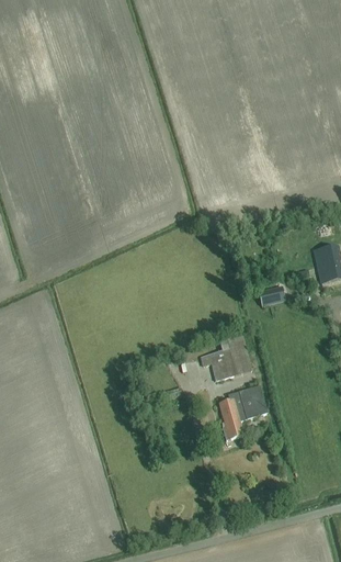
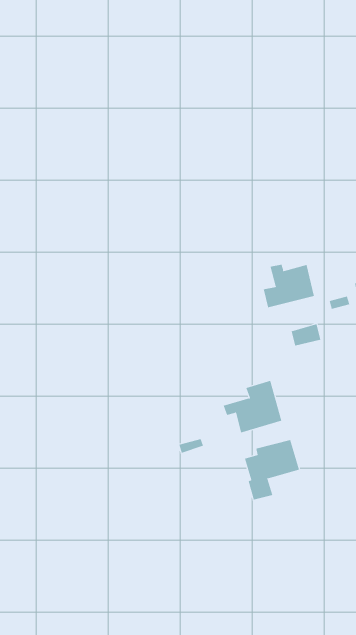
building: none -> [263,264,314,308]

